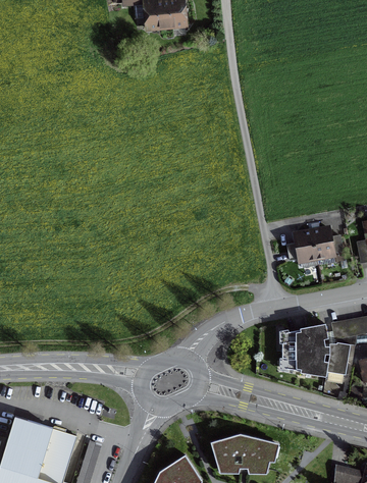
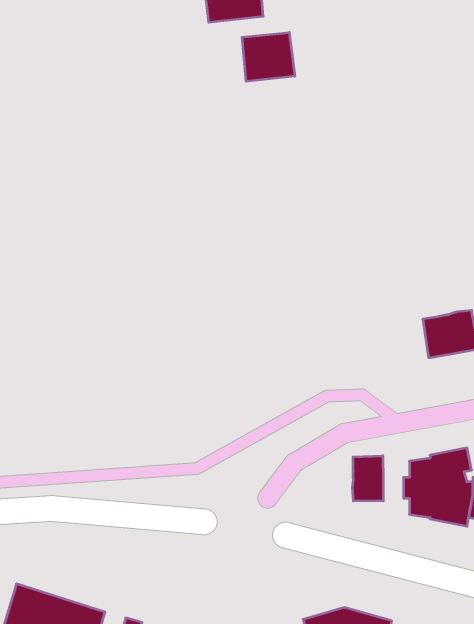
building: none -> [242,32,295,81]
building: none -> [352,456,383,501]

